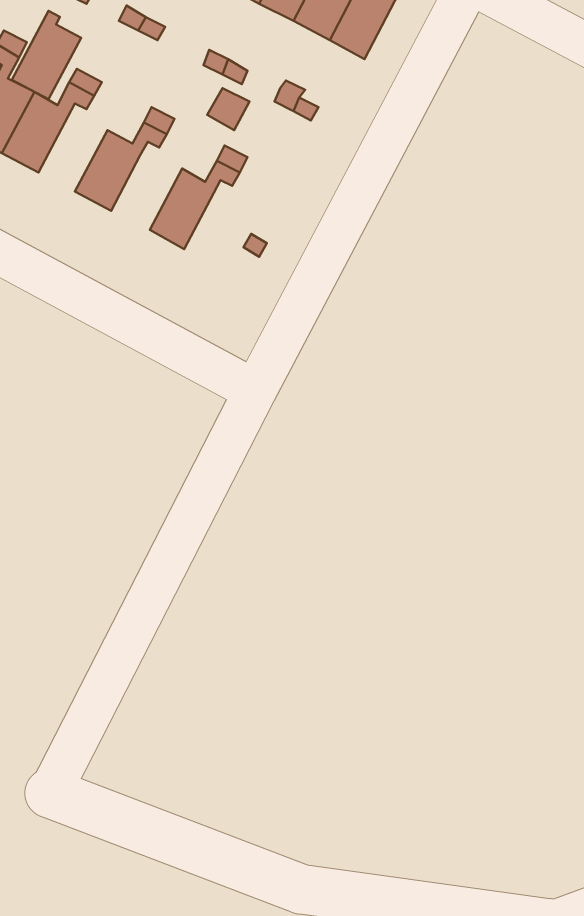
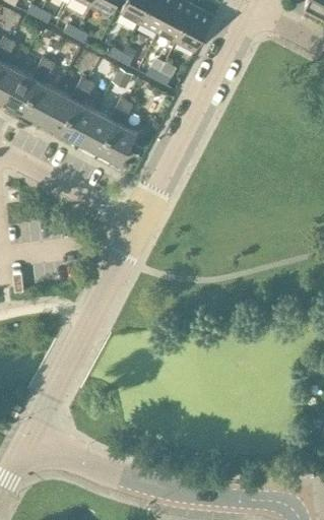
building: [12,11,81,99] -> [21,77,58,124]
building: none -> [60,98,98,144]
building: none -> [99,118,136,165]

